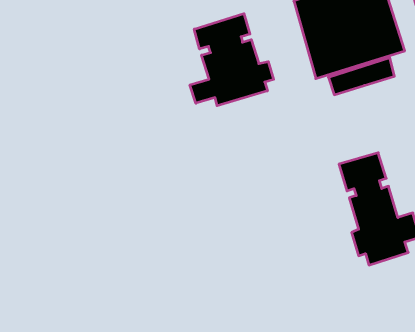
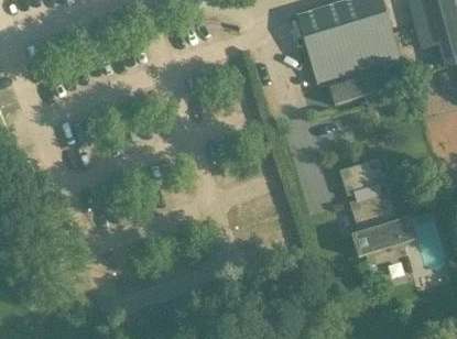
building: [190,14,274,106] -> none

